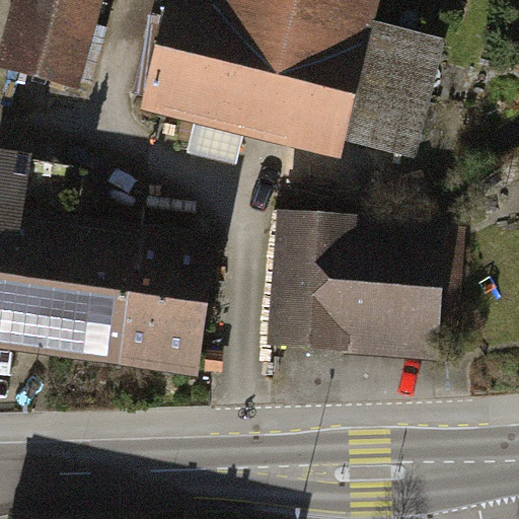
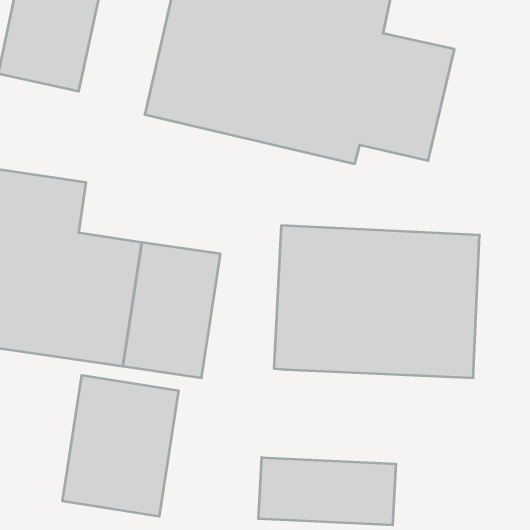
building: none -> [63,375,178,516]
building: none -> [258,457,396,525]

